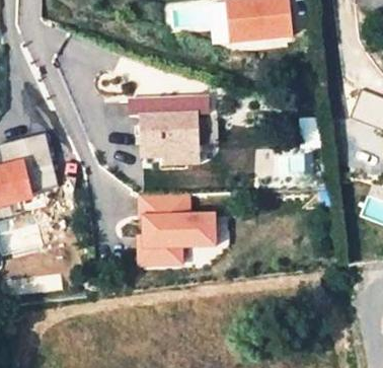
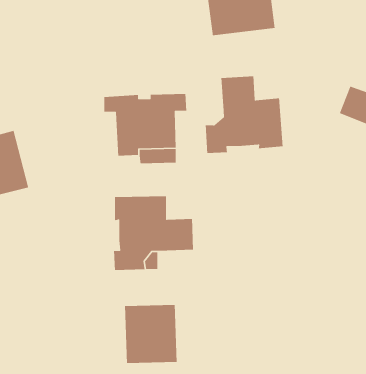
building: none -> [205,76,284,154]
building: none -> [124,304,177,364]

